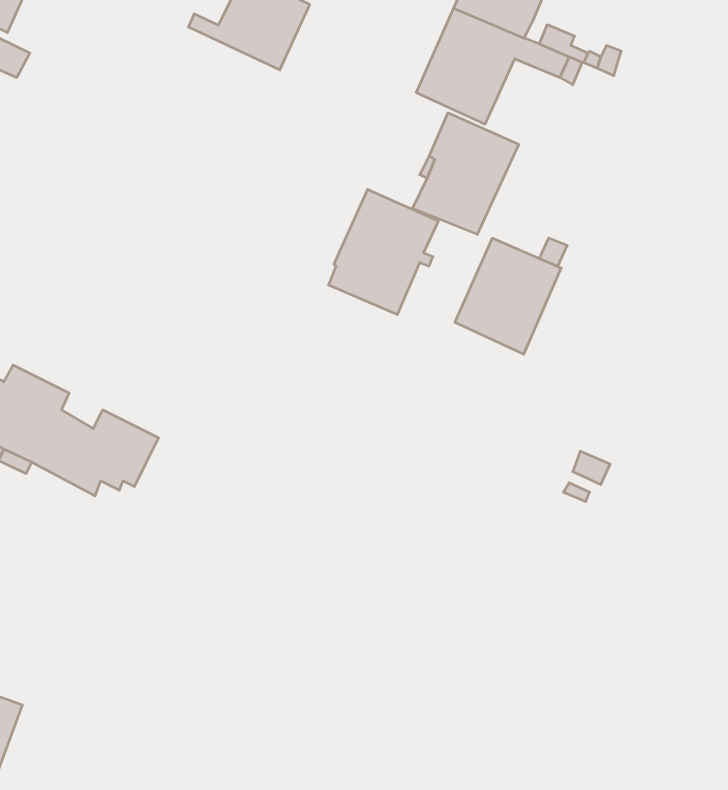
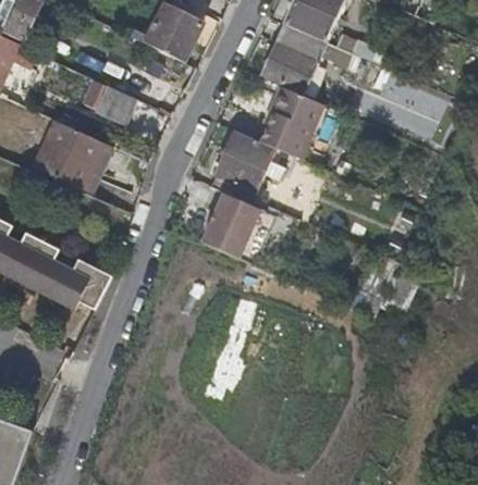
building: none -> [95,84,136,123]
building: none -> [32,120,113,192]
building: [455,238,561,354] -> [199,191,261,259]

